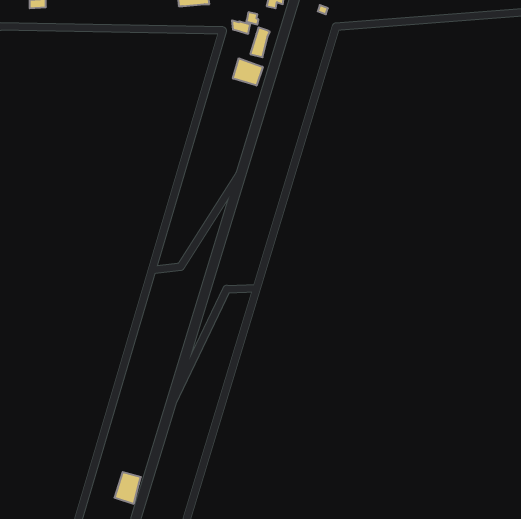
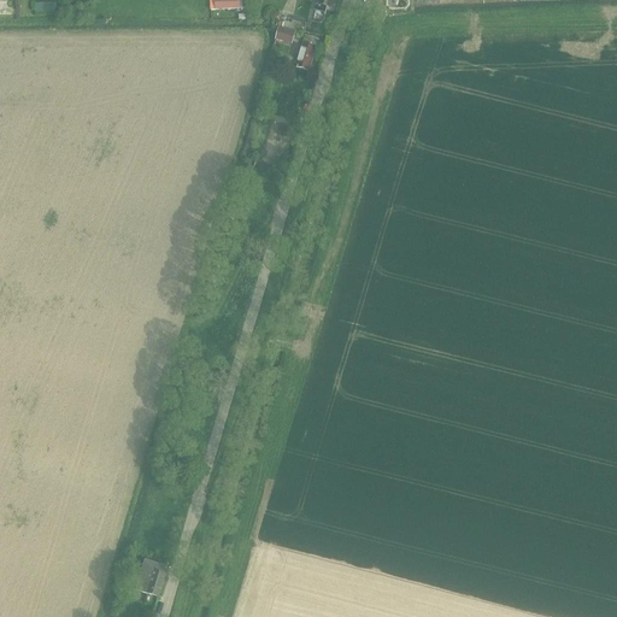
building: [233,58,263,86] -> none

